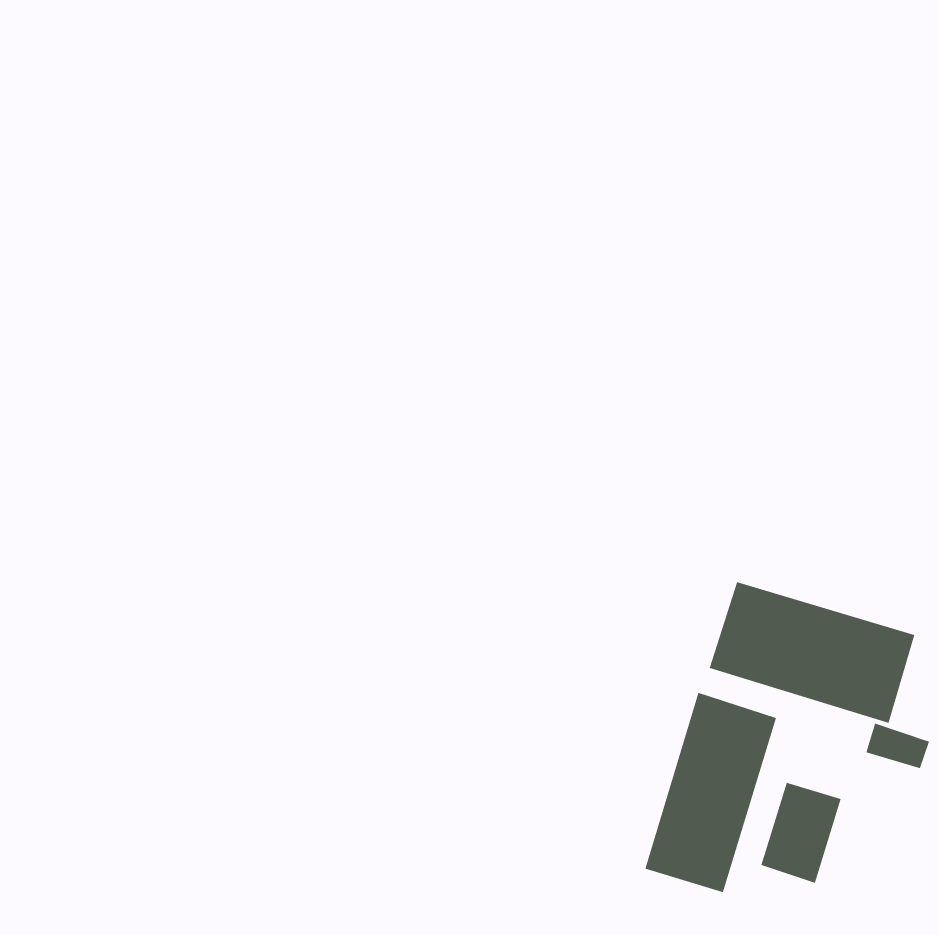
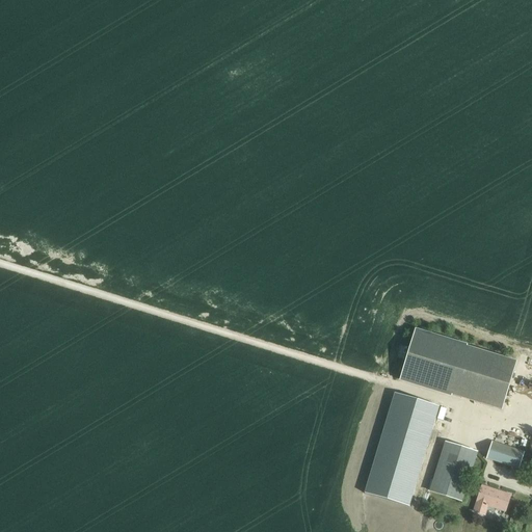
building: [865,723,930,769] -> [486,440,523,466]
building: none -> [474,483,509,511]

